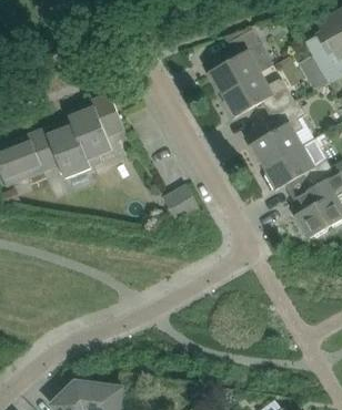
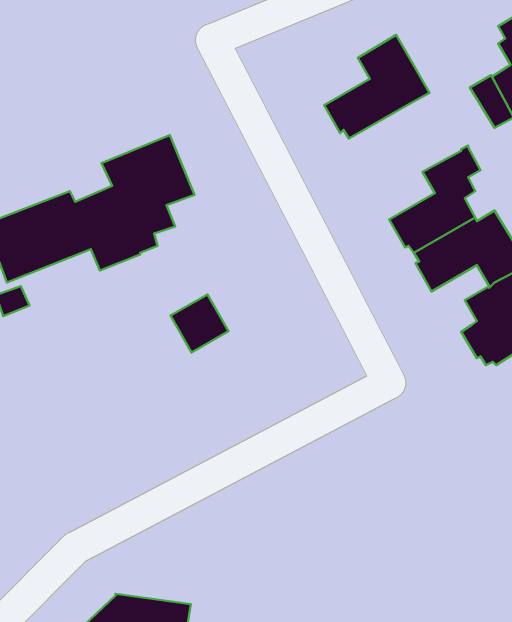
building: [222,72,293,119] -> none
building: [162,184,199,221] -> [171,294,228,352]

